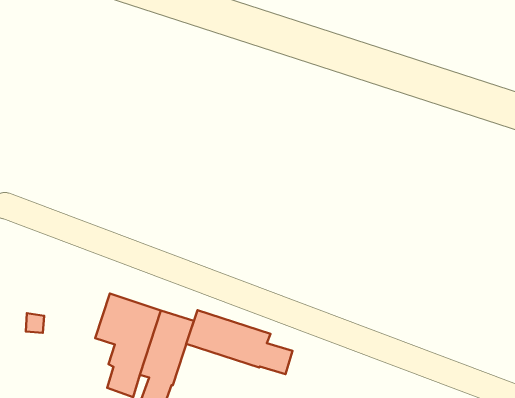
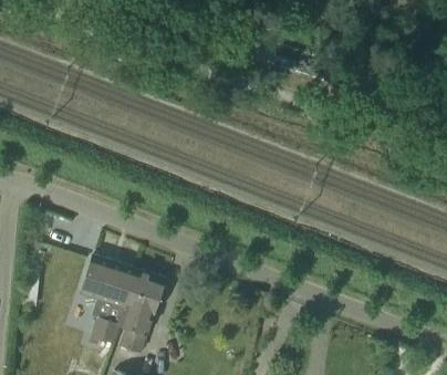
building: [186,310,293,374] -> none

